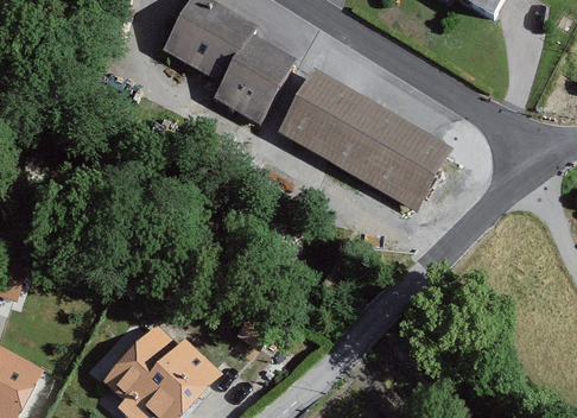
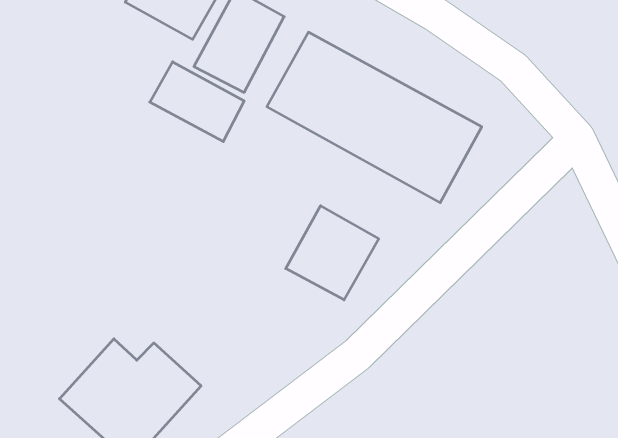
building: none -> [150,62,244,142]
building: none -> [286,206,379,300]

